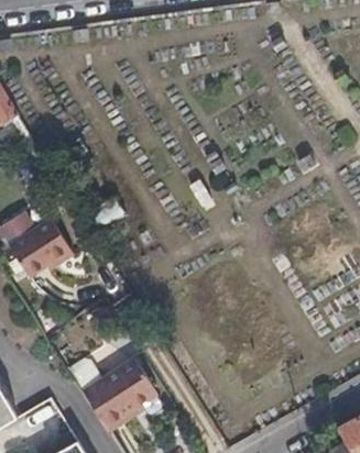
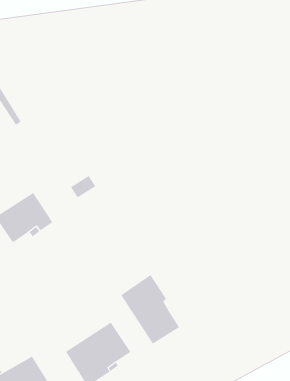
building: none -> [120,274,180,345]

